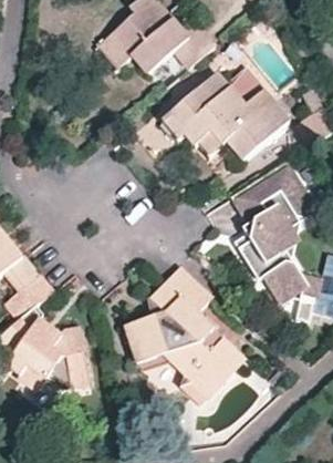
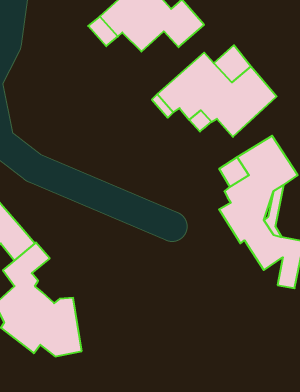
building: [127,264,241,392] -> none

